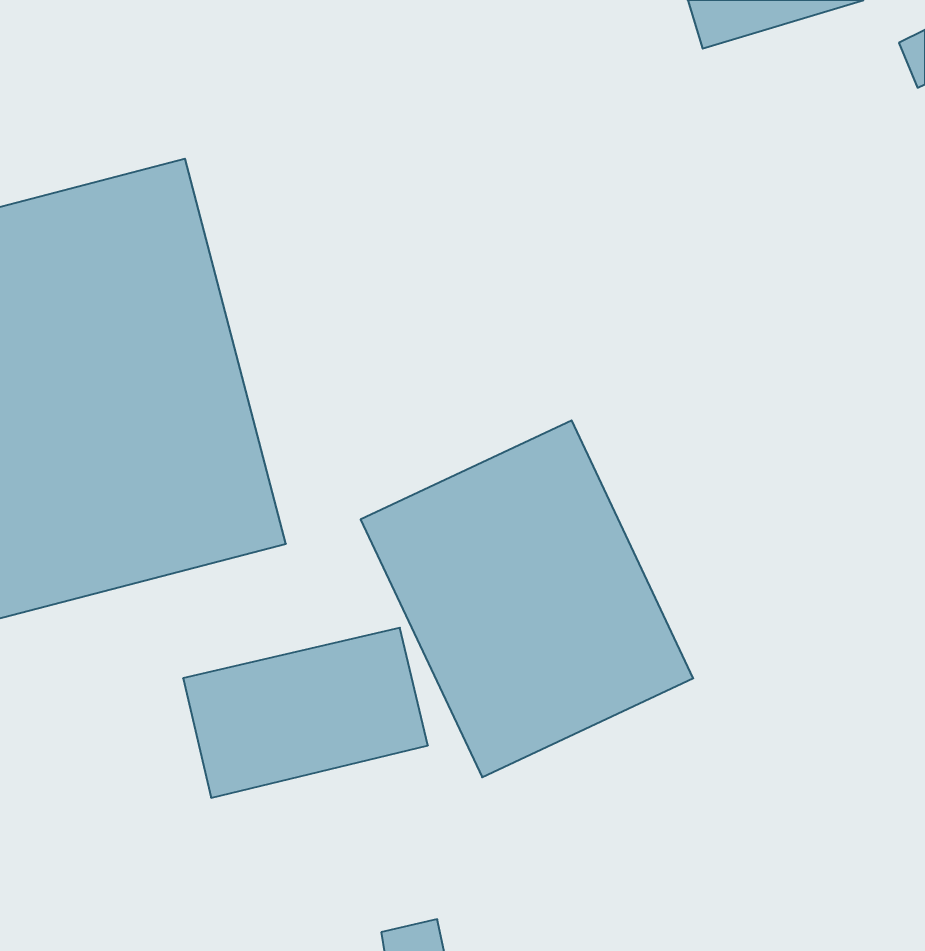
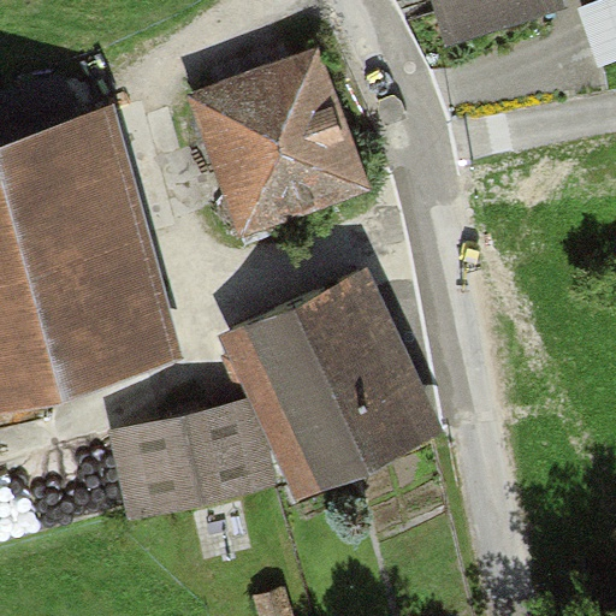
building: none -> [191,52,365,229]

